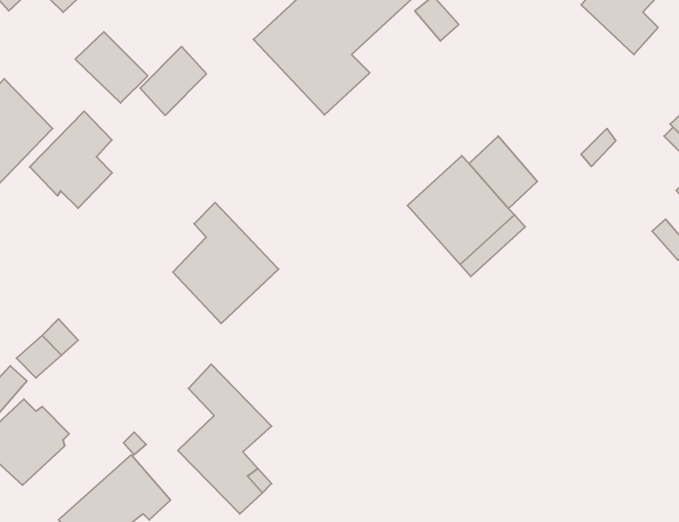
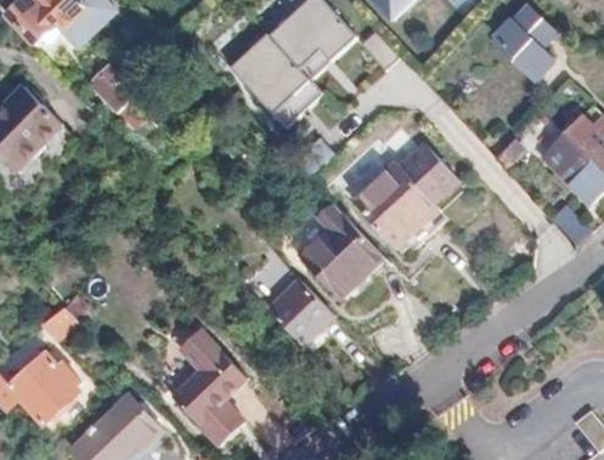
building: [140,47,206,115] -> none
building: [30,111,112,208] -> none
building: [173,203,279,323] -> [301,205,386,302]
building: none -> [267,279,332,345]

